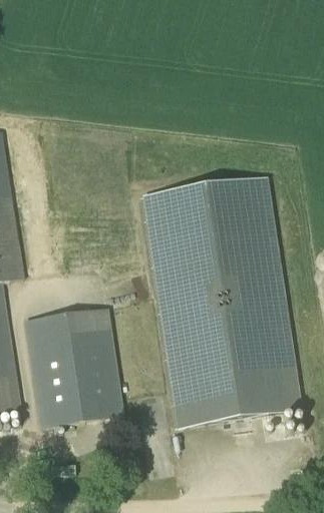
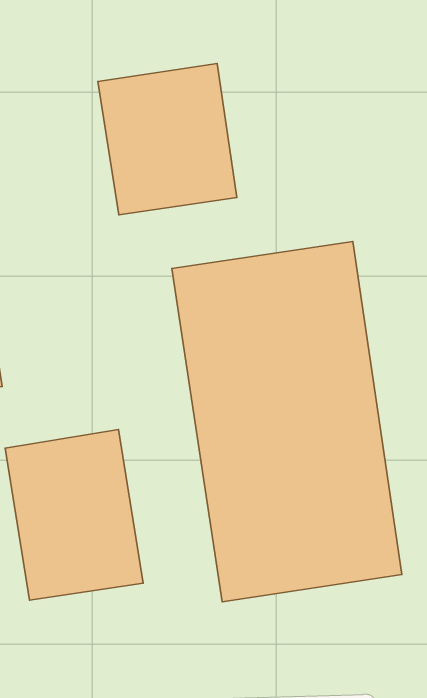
building: none -> [98,63,237,215]

